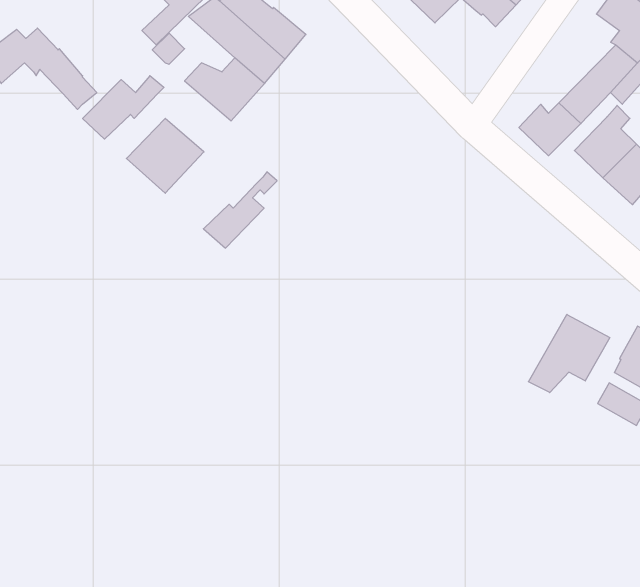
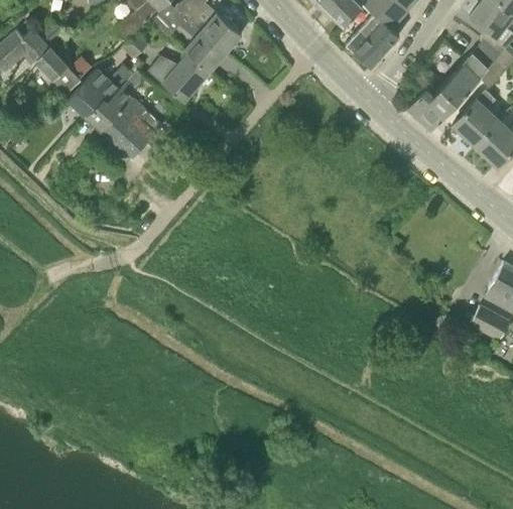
building: none -> [346,13,399,67]
building: [203,172,277,248] -> [86,71,143,130]
building: [528,314,610,393] -> none

